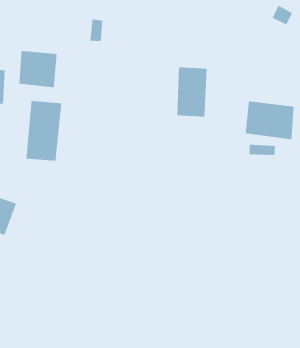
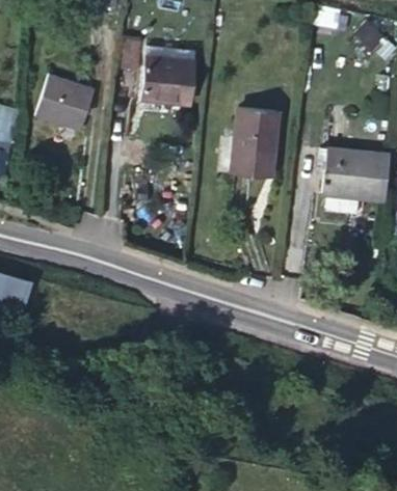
building: none -> [147,51,192,98]
building: [26,100,62,162] -> none

